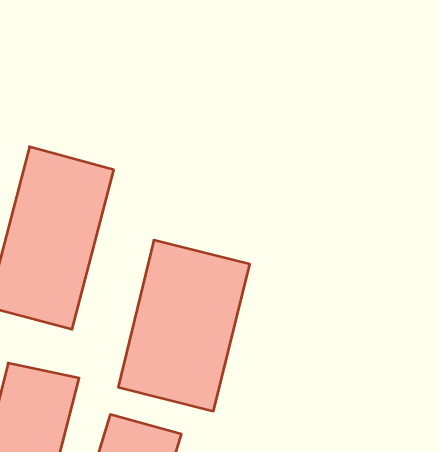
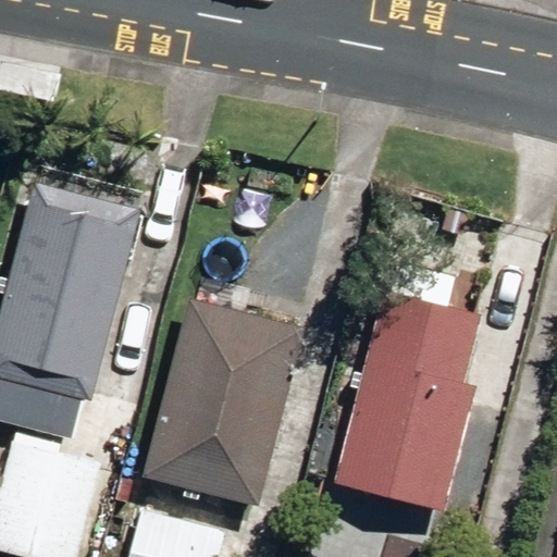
building: none -> [335,293,478,512]

